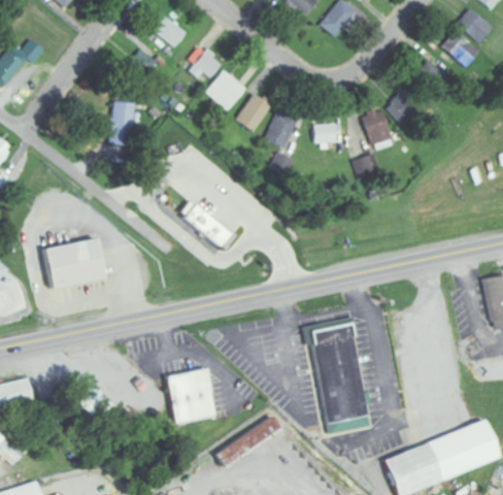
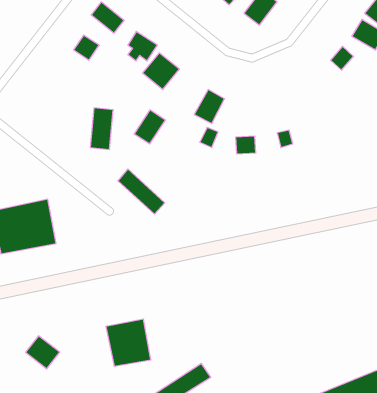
building: [236,94,271,132] -> [134,110,165,144]
building: [385,94,413,122] -> none
building: [107,101,133,147] -> [90,108,113,149]
building: [361,108,391,145] -> none
building: [313,124,336,143] -> [236,136,256,154]
building: [305,317,371,434] -> none

